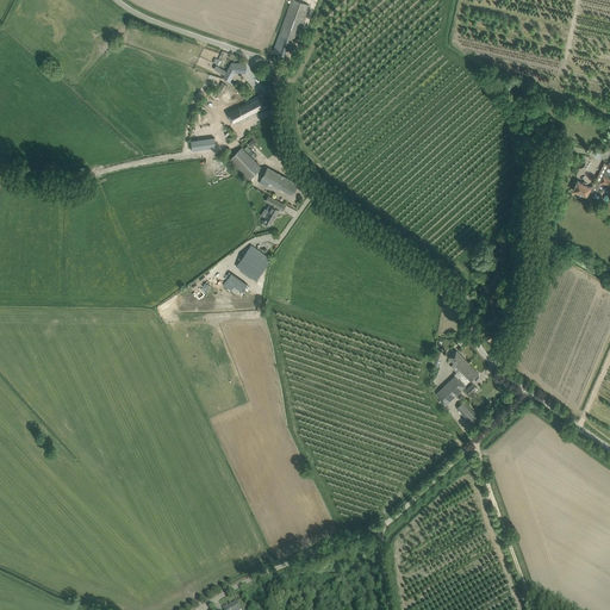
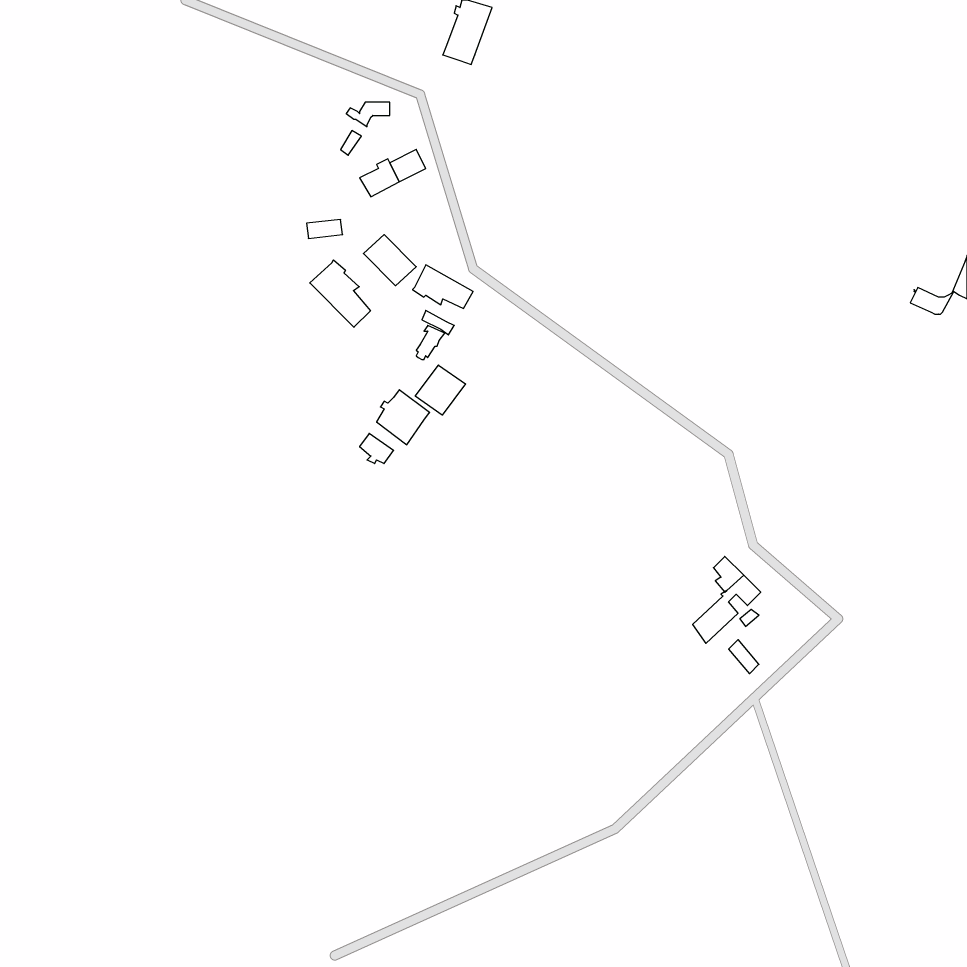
building: none -> [310,260,370,327]
building: none -> [415,365,466,415]

